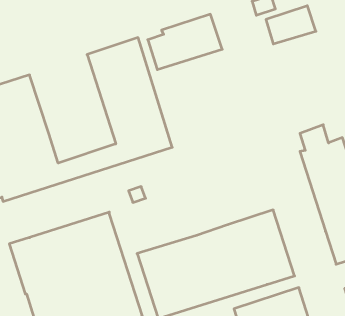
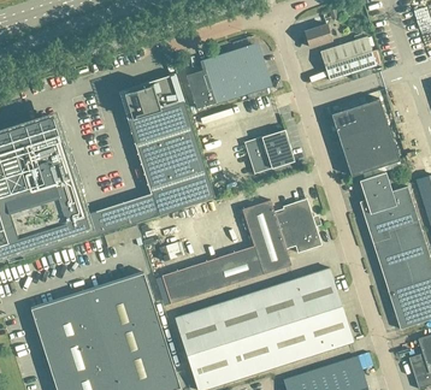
building: none -> [331,98,400,176]
building: none -> [244,129,295,173]
building: none -> [161,197,321,303]

